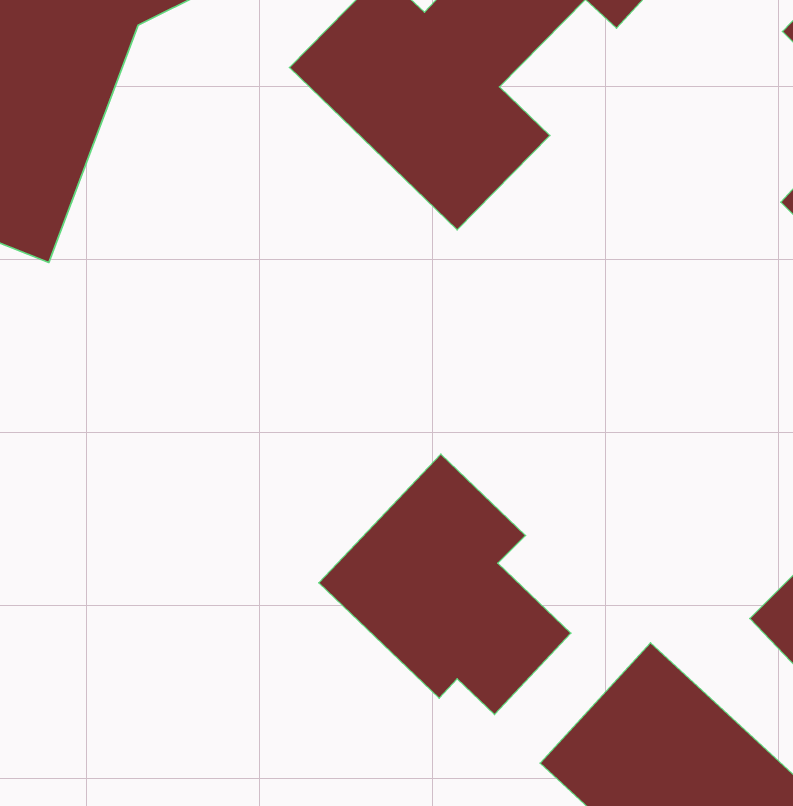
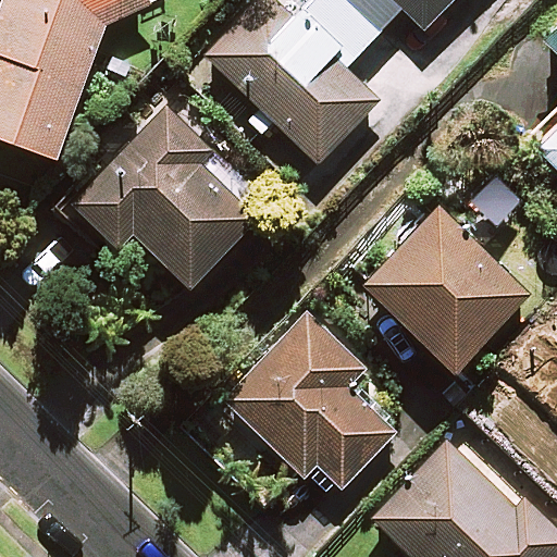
building: none -> [70,103,255,285]
building: none -> [364,207,529,371]

